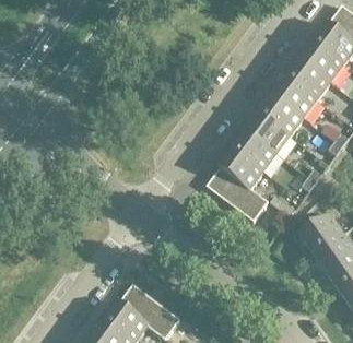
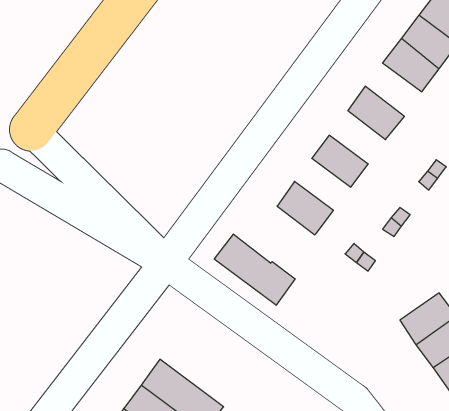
building: [287,60,330,100] -> none
building: [260,96,303,137] -> none
building: [234,132,276,172] -> none
building: [207,168,268,222] -> [214,234,295,305]
building: [299,214,343,255] -> none

